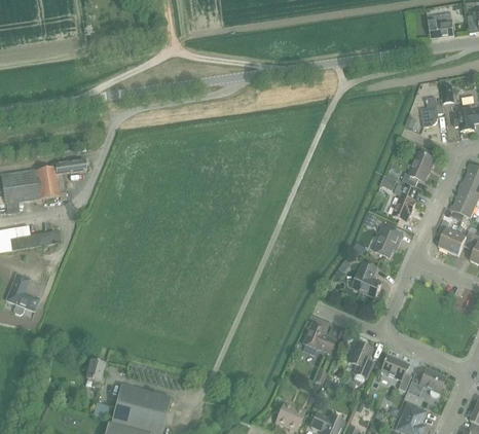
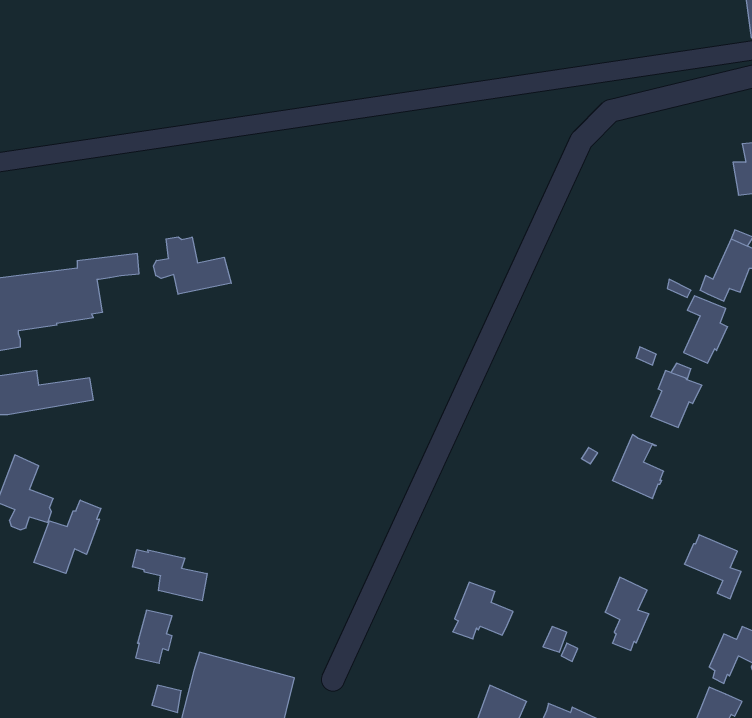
building: none -> [154,237,231,294]
building: none -> [34,500,101,573]
building: [301,322,335,354] -> [453,582,513,639]
building: none -> [132,550,207,601]
building: [378,354,410,390] -> [684,535,741,599]

